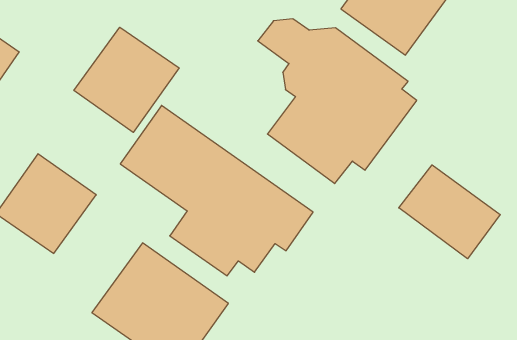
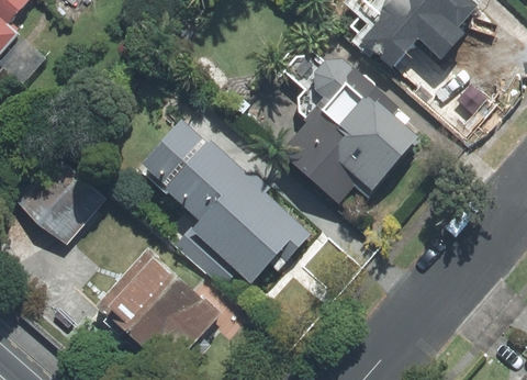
building: [74,27,179,132] -> none
building: [399,165,500,259] -> none

